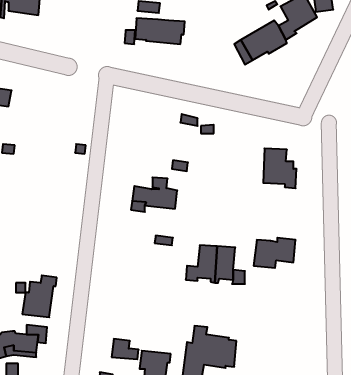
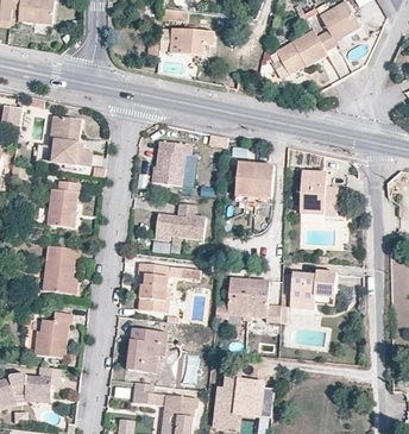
building: none -> [46,117,90,165]
building: none -> [155,141,190,184]
building: none -> [234,162,273,199]
building: none -> [46,181,78,227]
building: none -> [42,245,80,293]
building: none -> [137,263,169,313]
building: none -> [127,328,166,372]

